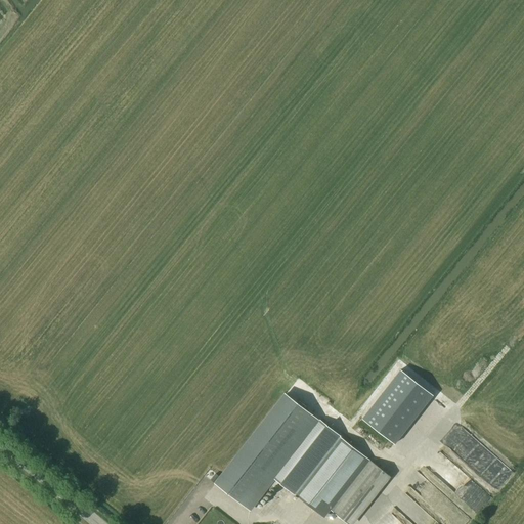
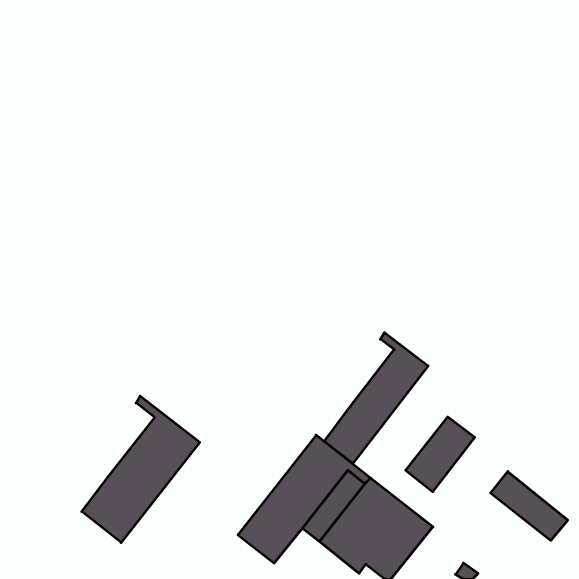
building: none -> [324,333,428,464]
building: none -> [82,396,200,543]

